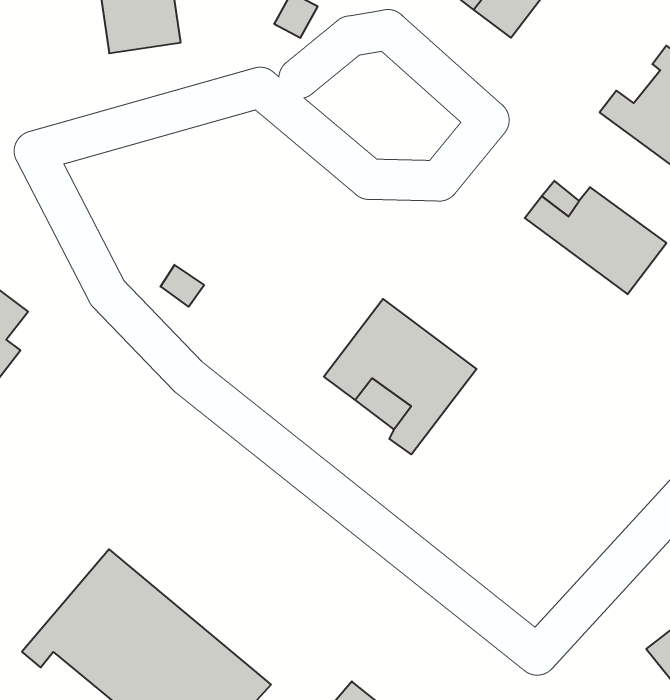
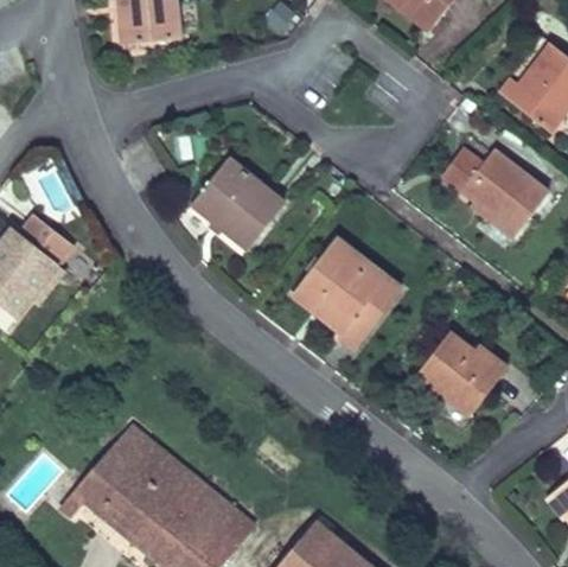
building: none -> [191,159,285,250]
building: none -> [420,330,511,415]

